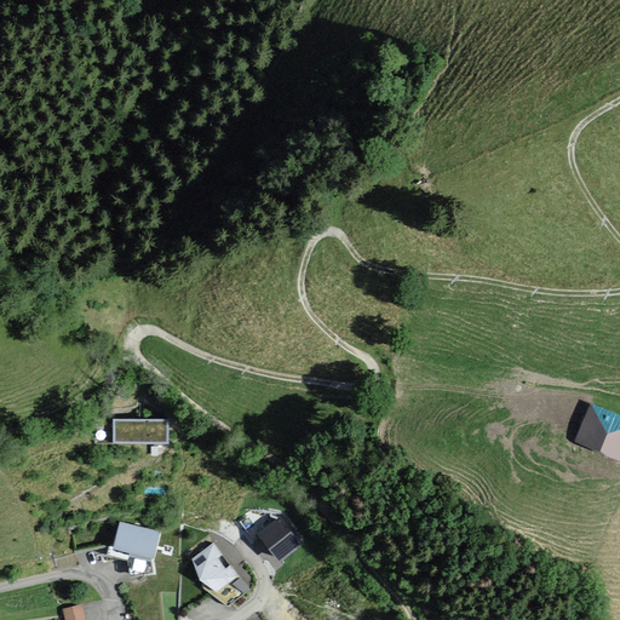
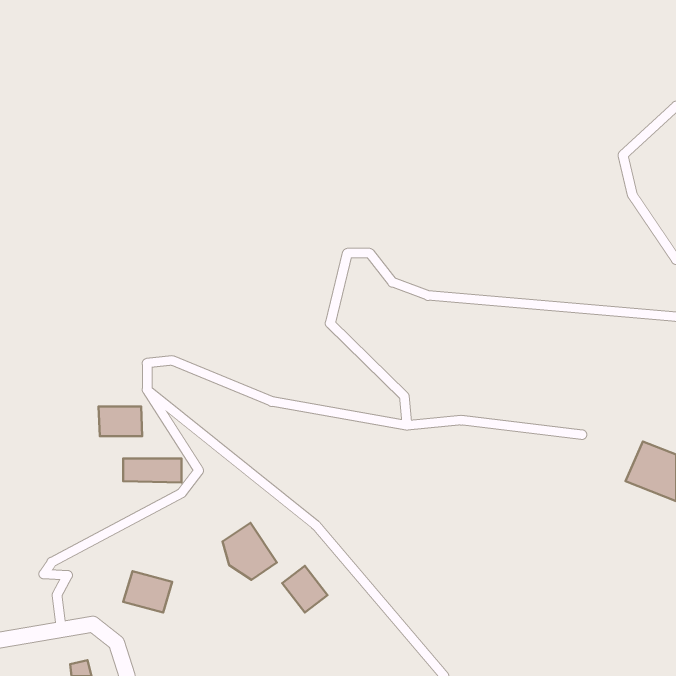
building: none -> [99,407,142,436]
building: [190,542,240,595] -> [223,523,277,580]

